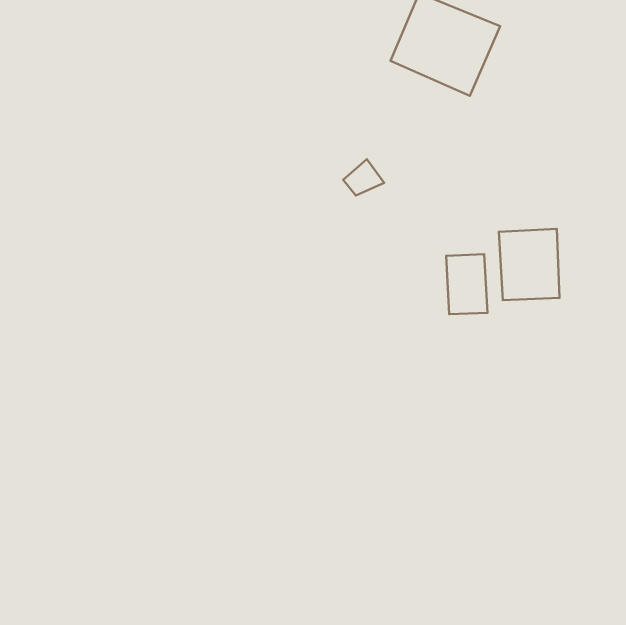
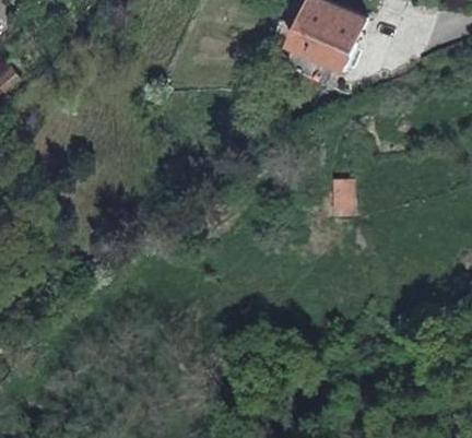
building: [499,229,560,300] -> none

